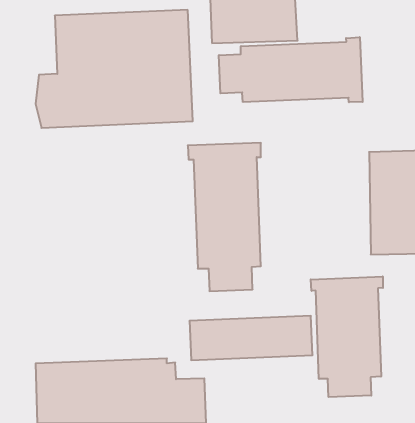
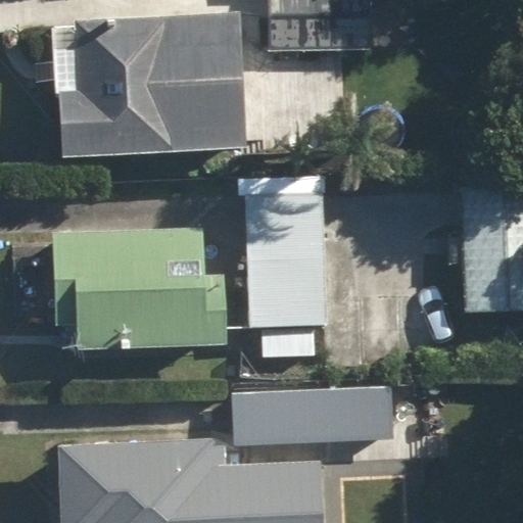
building: [219,37,363,102] -> none
building: none -> [49,227,224,351]
building: [311,276,383,397] -> none

